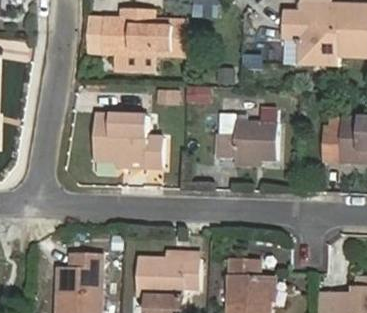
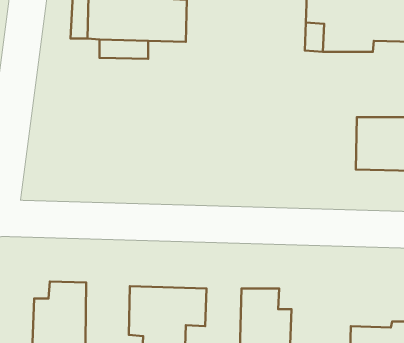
building: [216,106,276,159] -> none
building: [92,114,163,167] -> none

